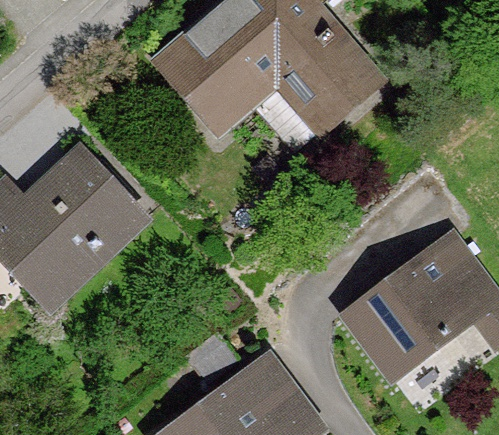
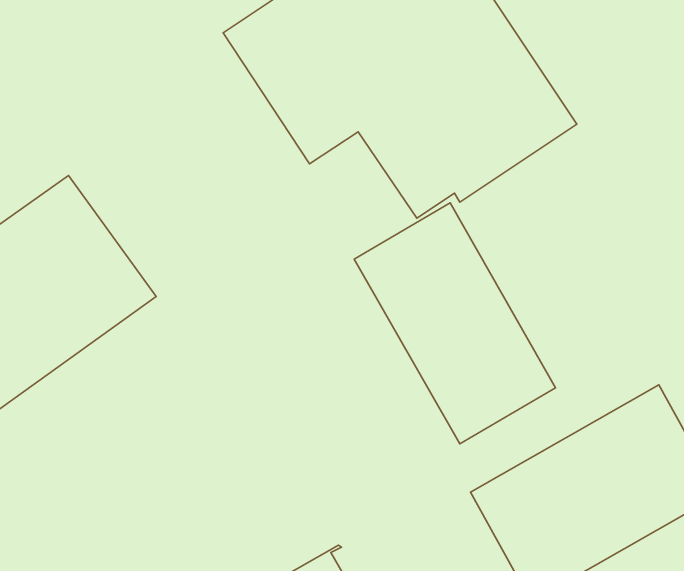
building: none -> [354,203,555,444]

